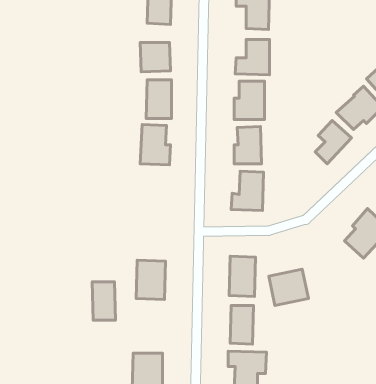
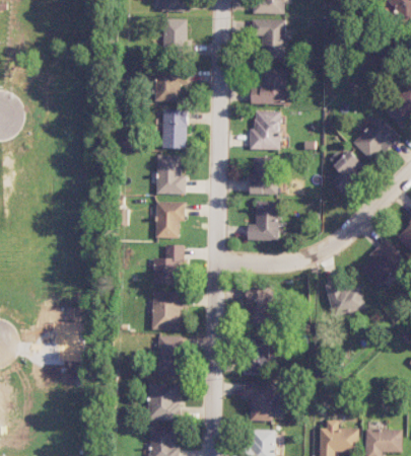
building: none -> [155,202,185,238]
building: none -> [152,244,183,284]
building: [269,269,308,305] -> [326,279,365,315]
building: [92,282,115,320] -> [157,335,181,374]

